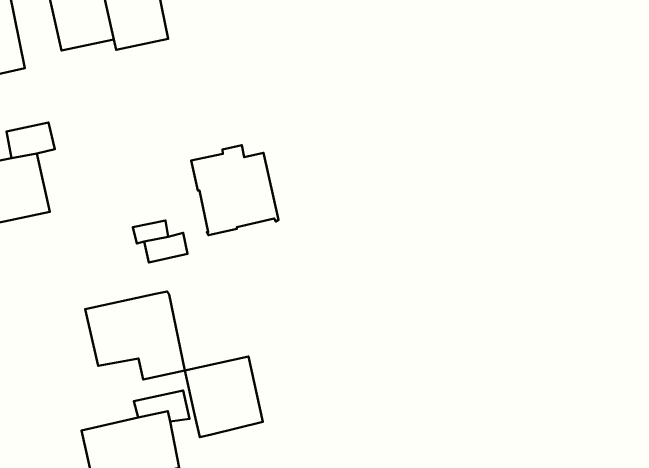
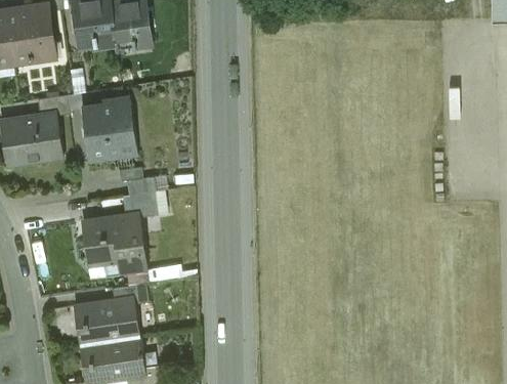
building: [191,145,279,235] -> [81,100,137,160]
building: none -> [128,191,158,218]
building: [185,356,263,437] -> none

